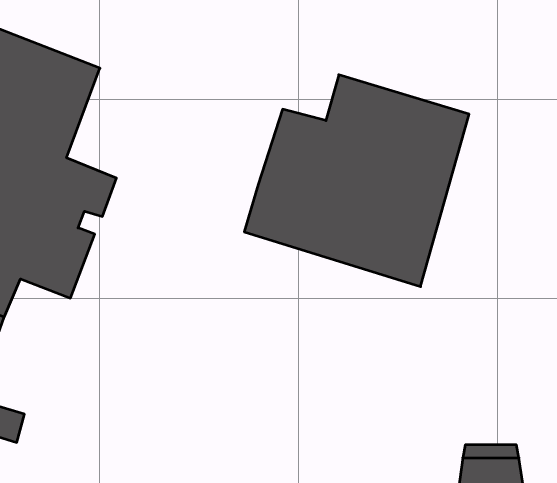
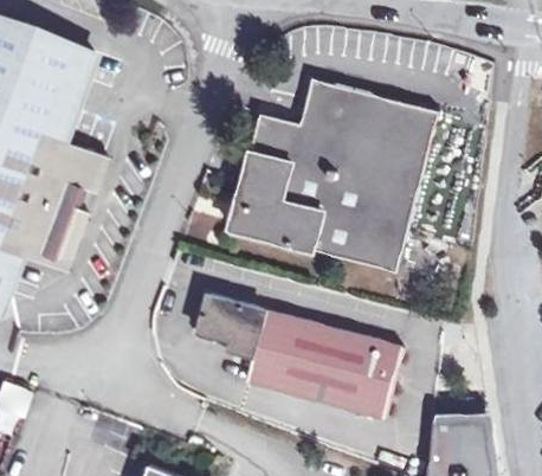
building: none -> [194,291,396,418]

